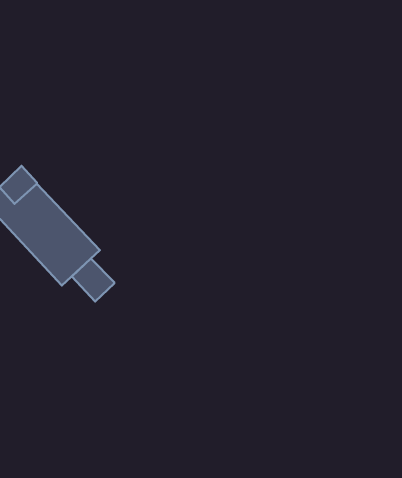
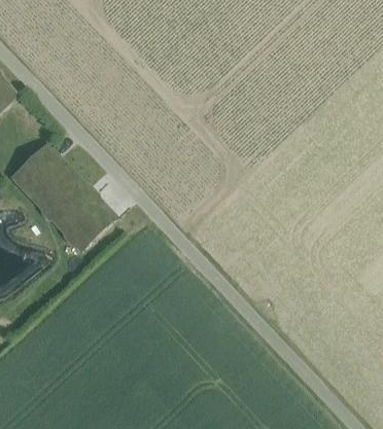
building: [72,259,114,302] -> none

